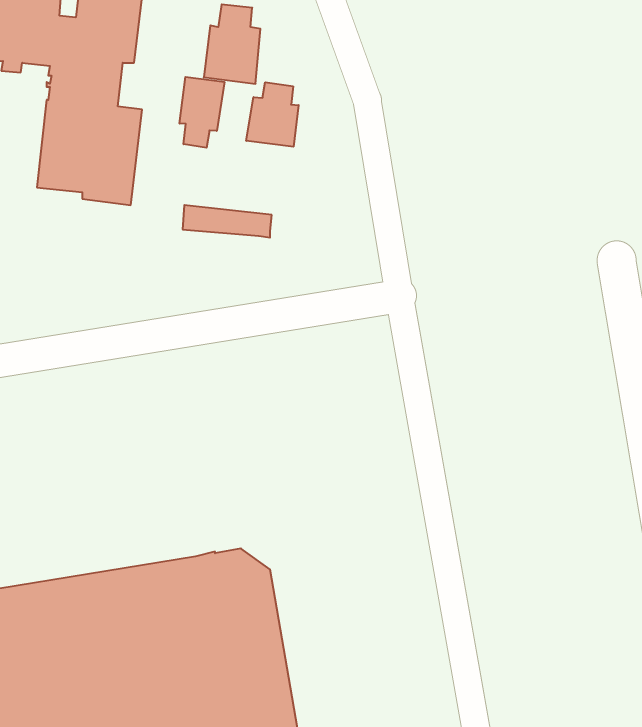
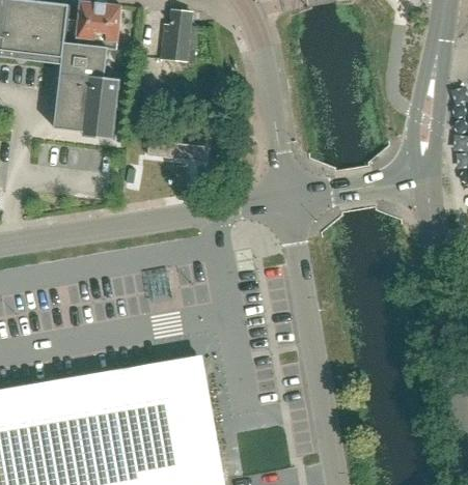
building: [180,77,224,148] -> none
building: [246,82,299,147] -> none

